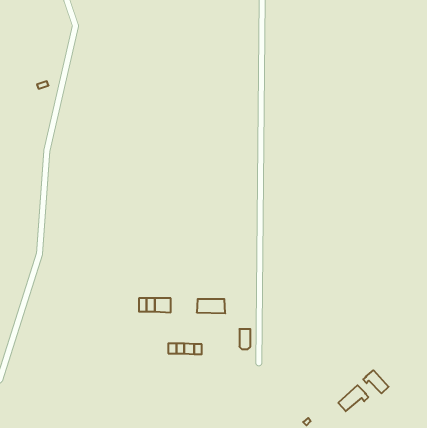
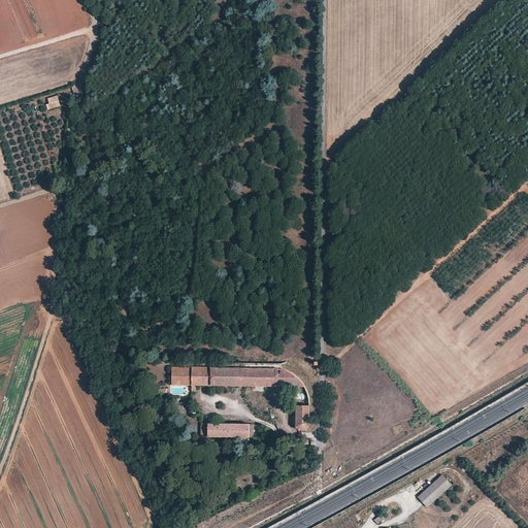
building: none -> [210,367,243,385]
building: [363,370,389,393] -> none

